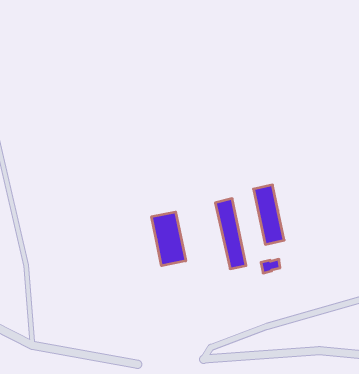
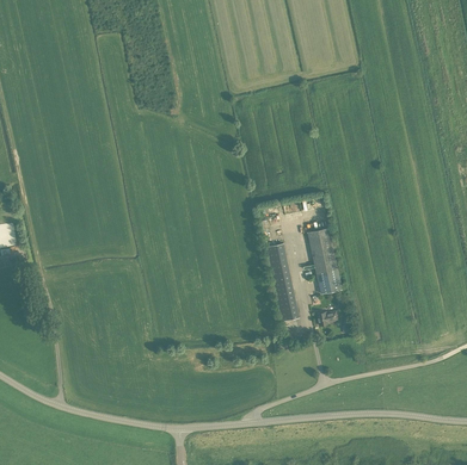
building: [152,212,186,266] -> none

